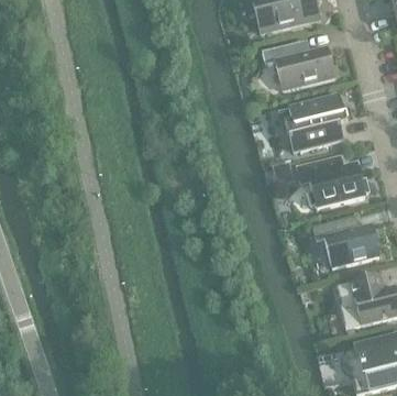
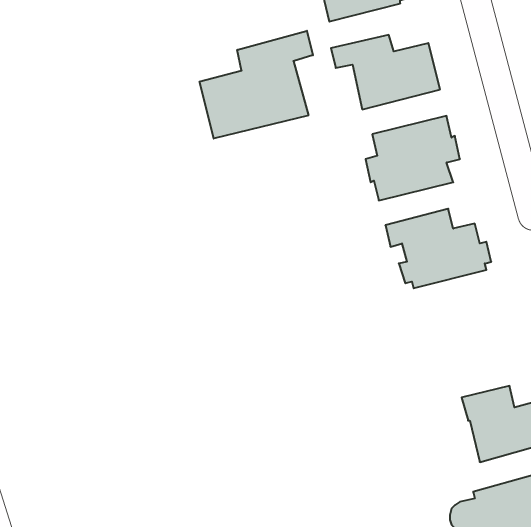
building: none -> [200,31,313,139]
building: [312,216,379,267] -> none

